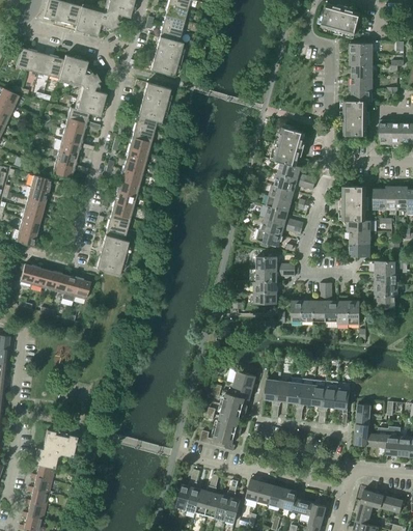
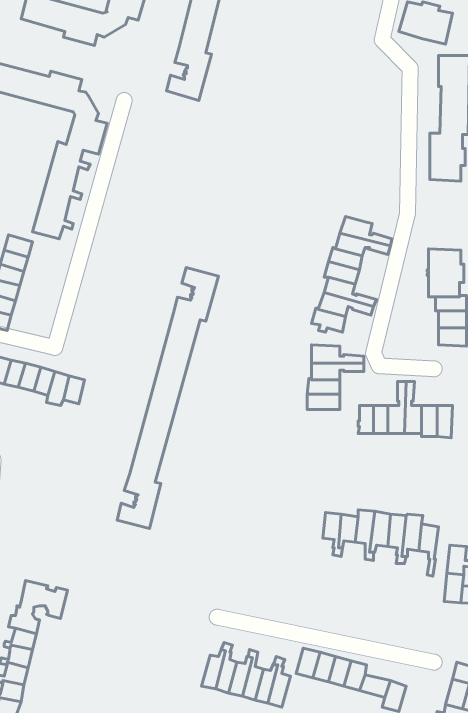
building: [97,83,171,275] -> [117,268,219,529]
building: [275,127,306,166] -> none
building: [200,371,256,448] -> none

